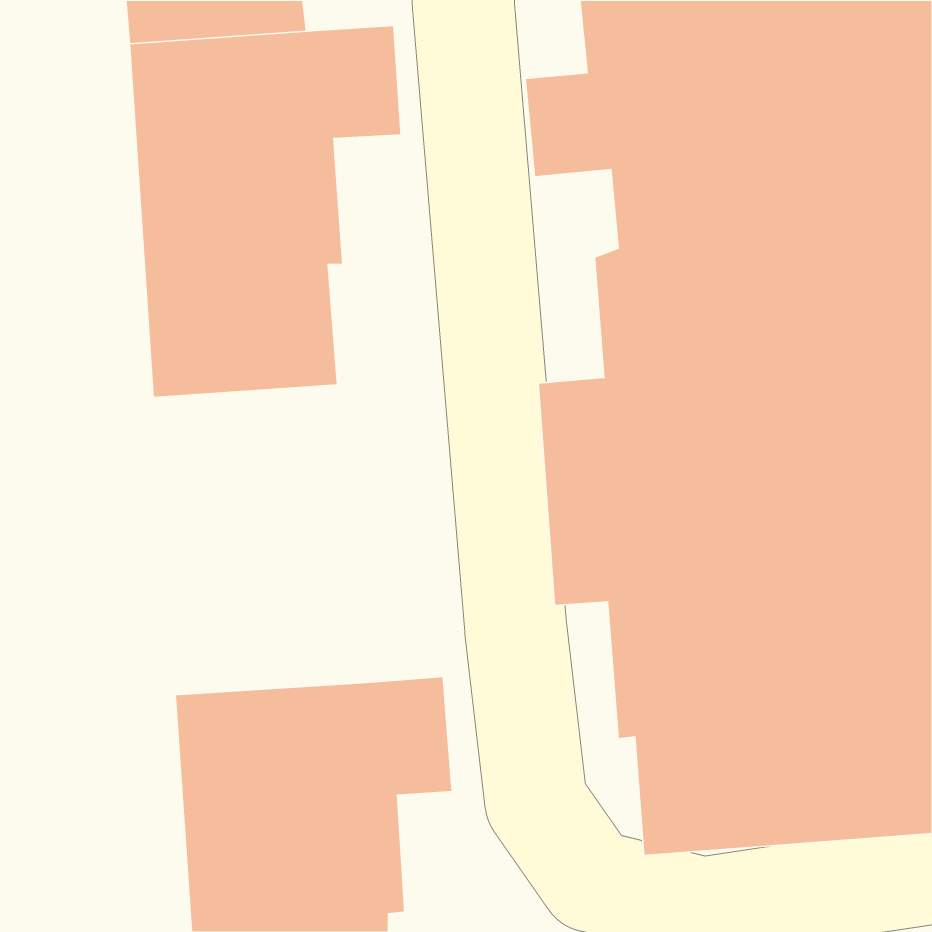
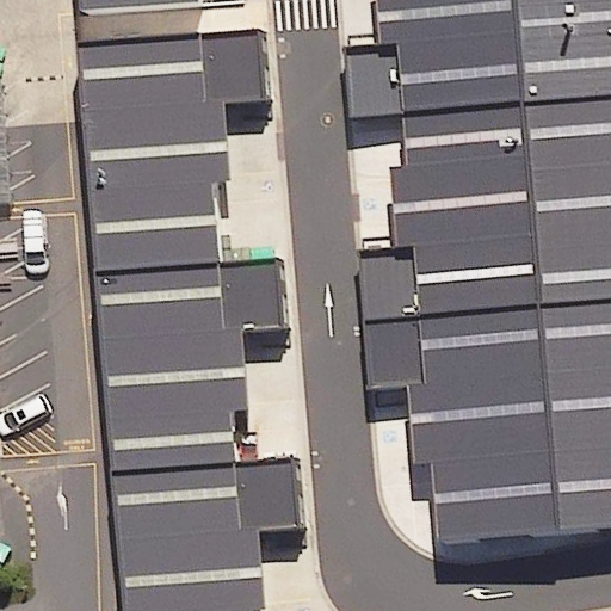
building: none -> [100,247,282,455]

